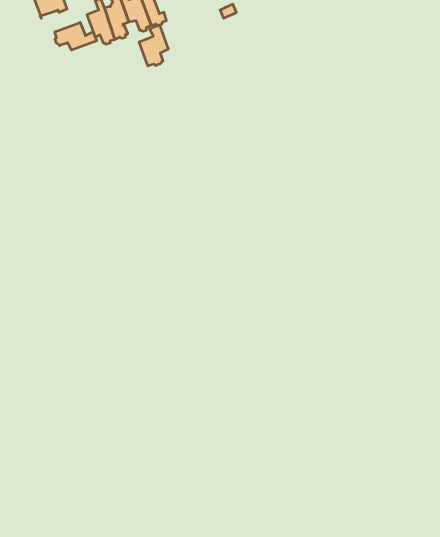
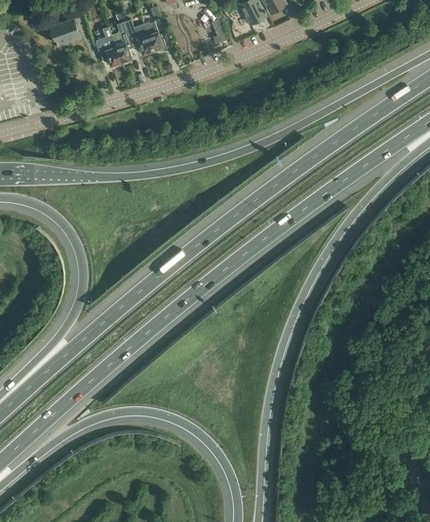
building: [55,22,97,50] -> none
building: [139,25,168,66] -> none

